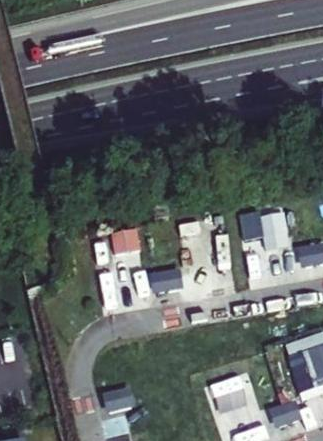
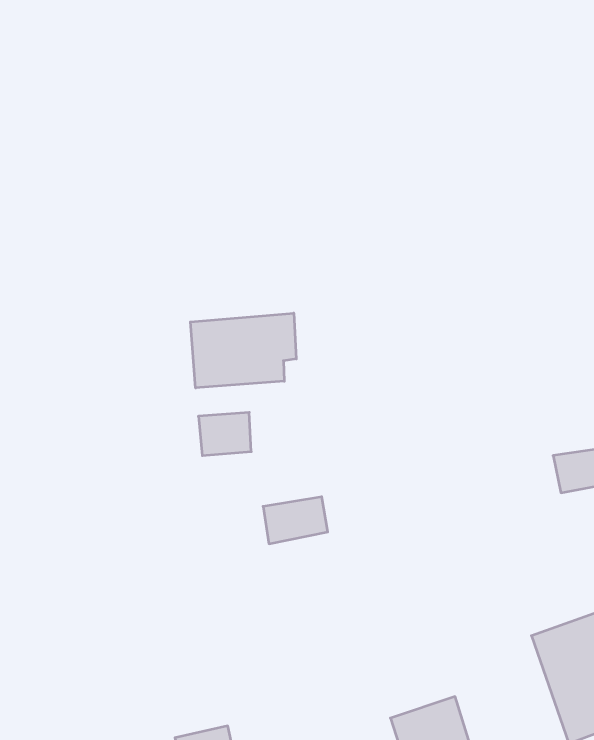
building: none -> [190,313,296,388]
building: [244,210,291,247] -> none

